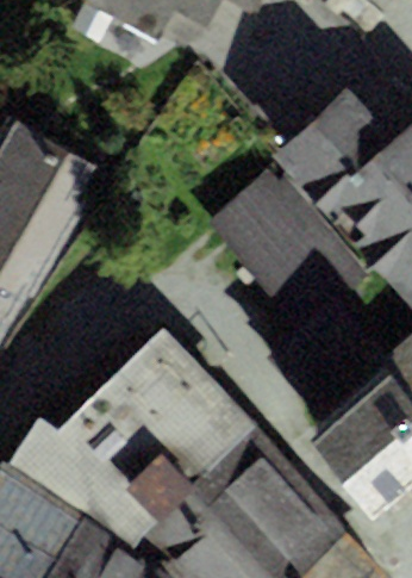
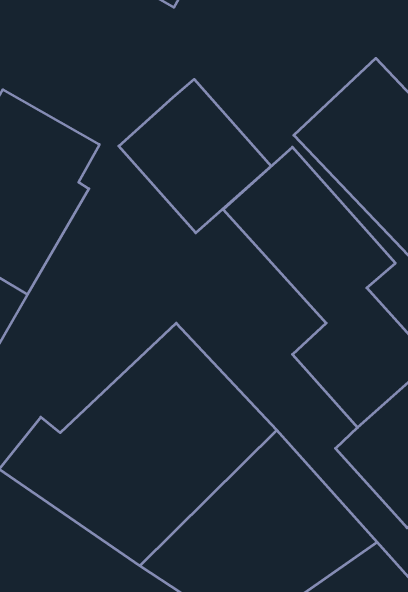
building: none -> [119,79,271,233]

